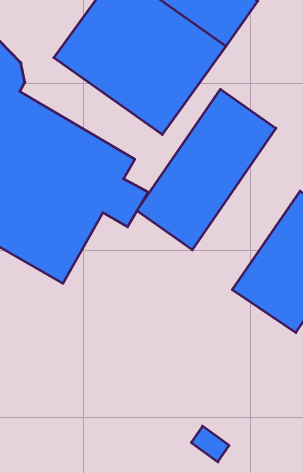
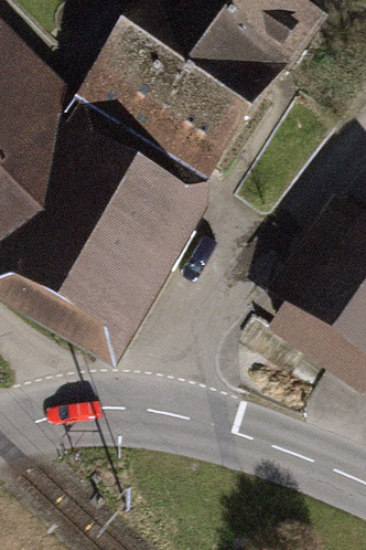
building: [137,89,276,250] -> none

